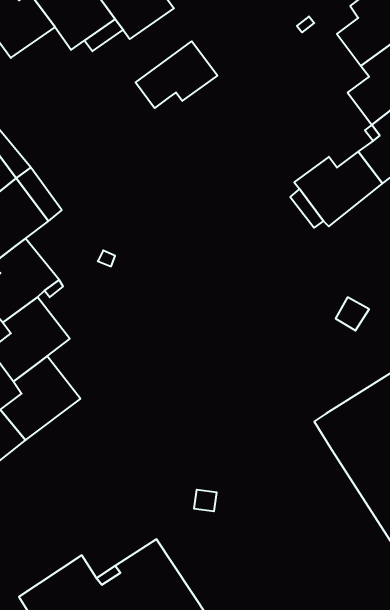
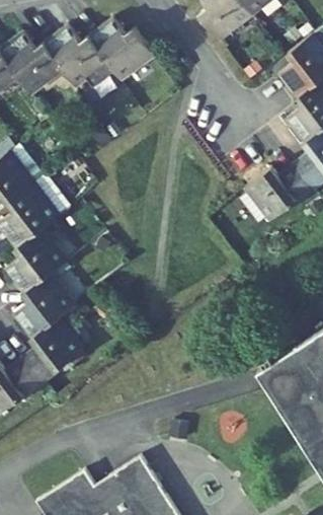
building: [136,41,217,108] -> none

